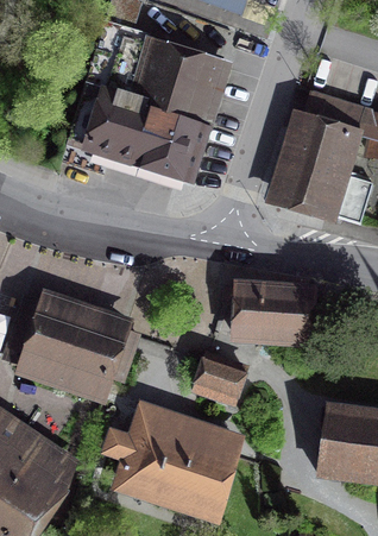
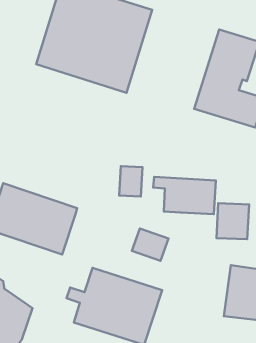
building: none -> [119,166,142,196]
building: none -> [216,203,249,239]

